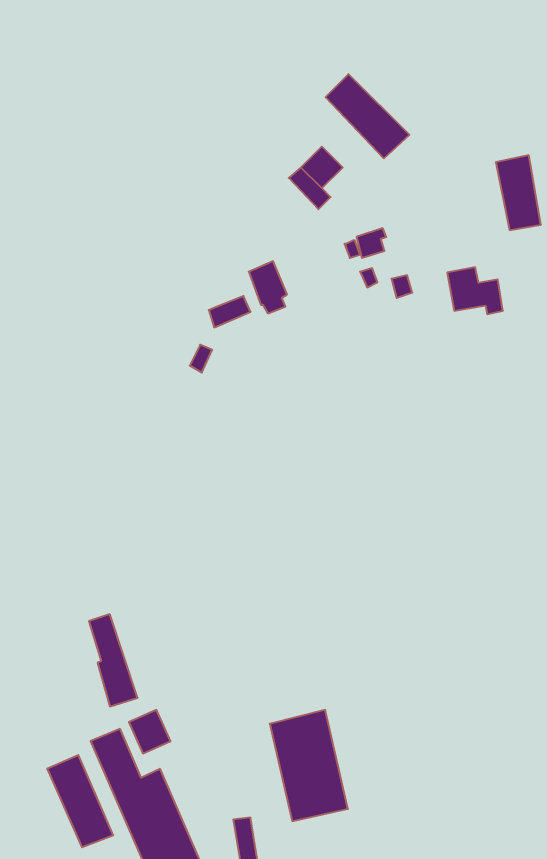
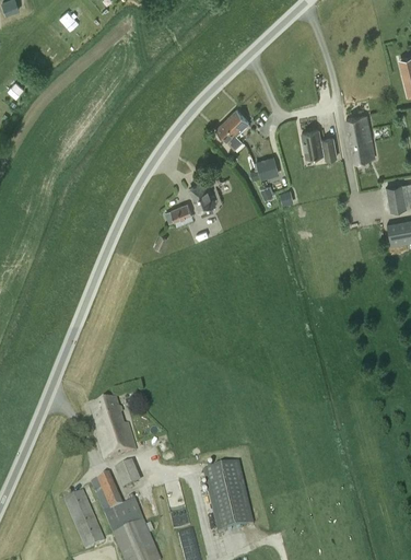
building: [326,74,409,158] -> none
building: [447,267,503,314] -> [302,130,337,160]
building: none -> [104,399,138,456]

